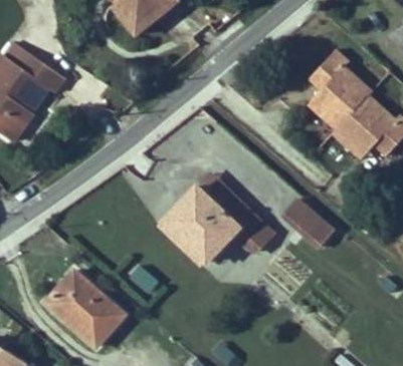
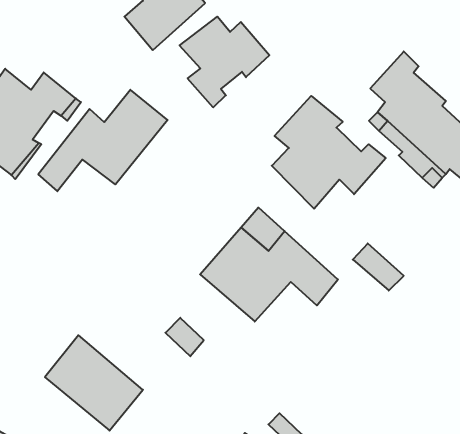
building: none -> [180,17,269,107]
building: none -> [38,90,168,191]
building: none -> [272,96,386,209]

